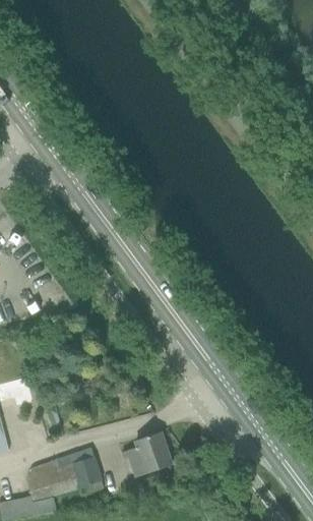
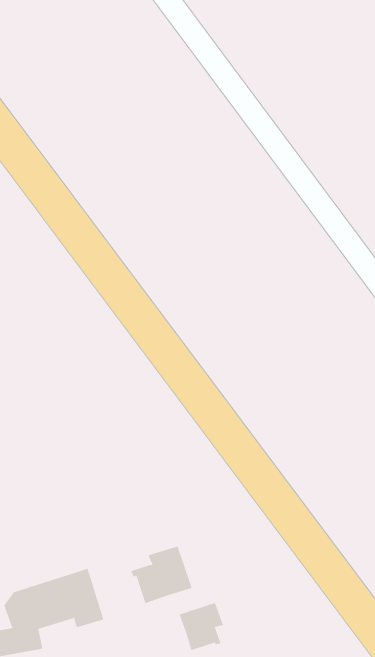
building: none -> [179,602,224,651]

